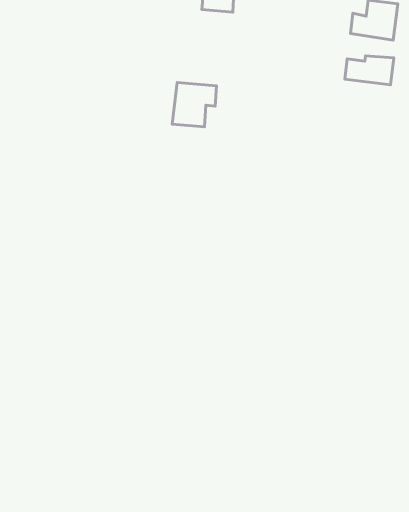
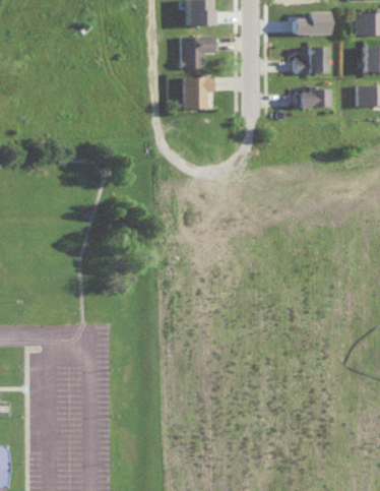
building: [172,83,216,127] -> [180,77,210,110]

